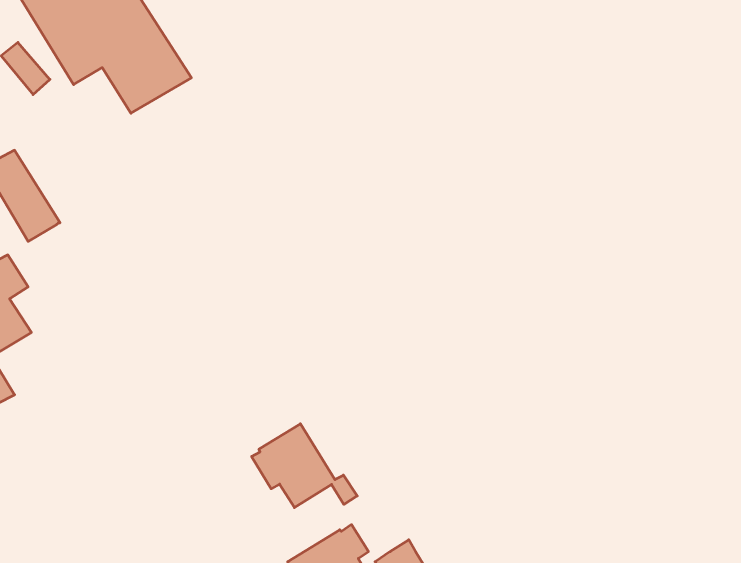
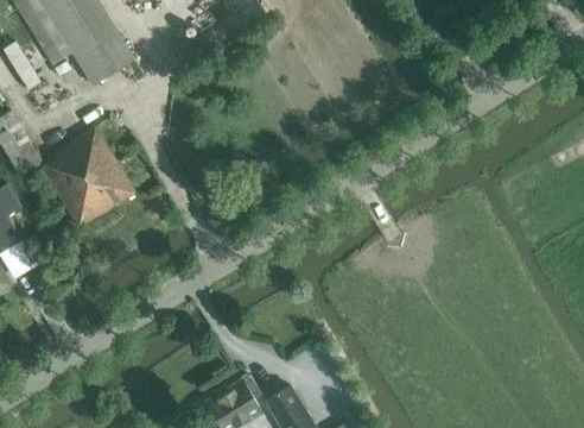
building: none -> [42,126,135,226]
building: [252,424,357,508] -> none

